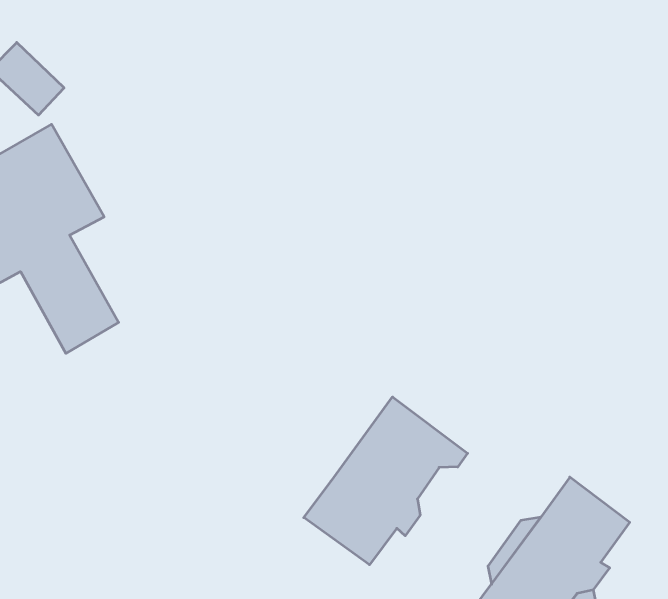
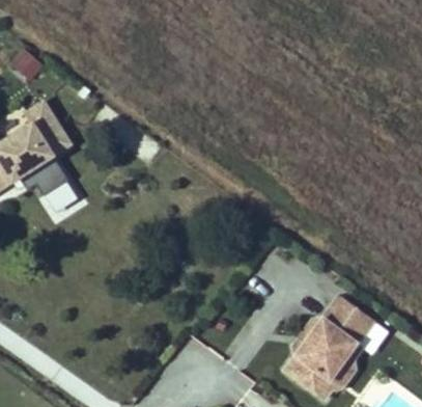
building: [304,397,468,565] -> none

